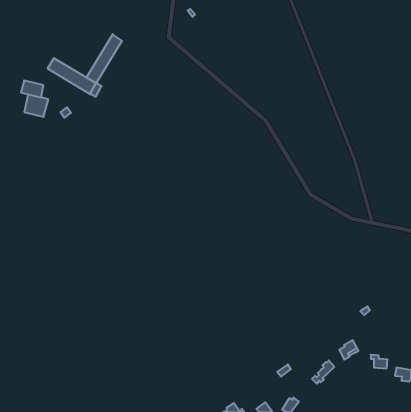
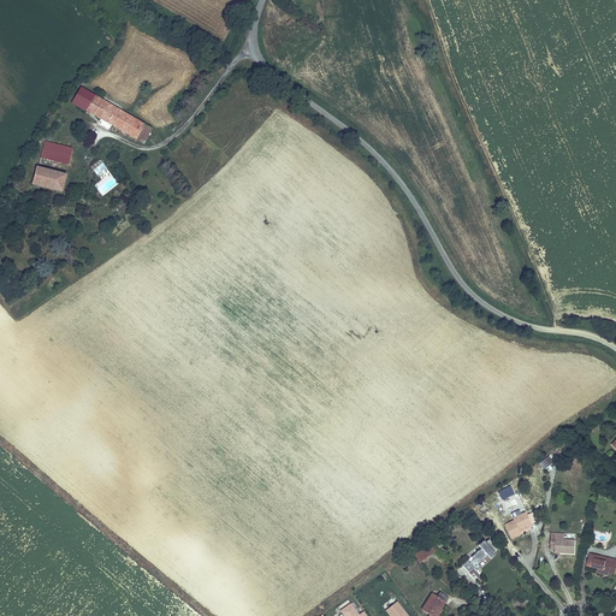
building: [87,34,122,83] -> none
building: [21,80,43,97] -> [31,167,65,192]

